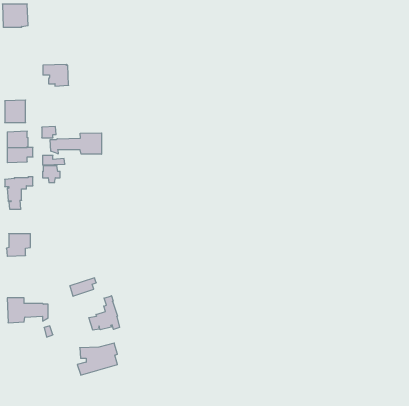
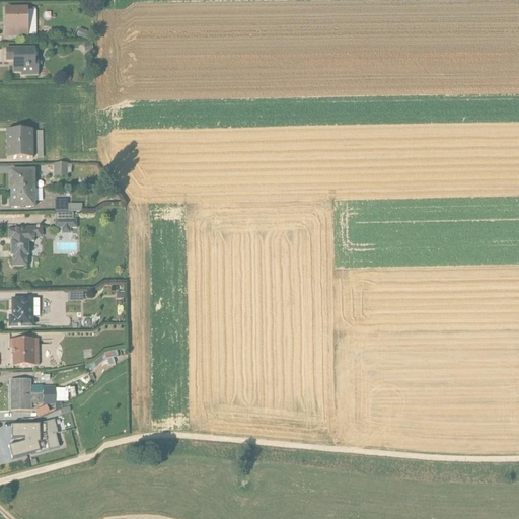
building: [43,64,69,86] -> [6,46,39,73]
building: [50,133,101,154] -> none
building: none -> [10,337,39,363]
building: [89,296,119,330] -> none
building: [77,343,117,375] -> [8,417,59,457]

